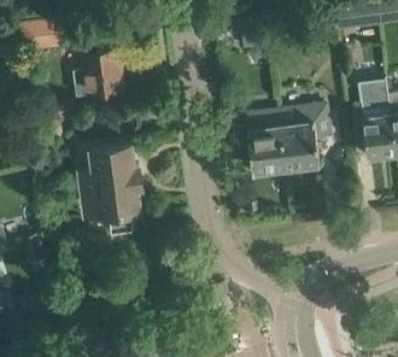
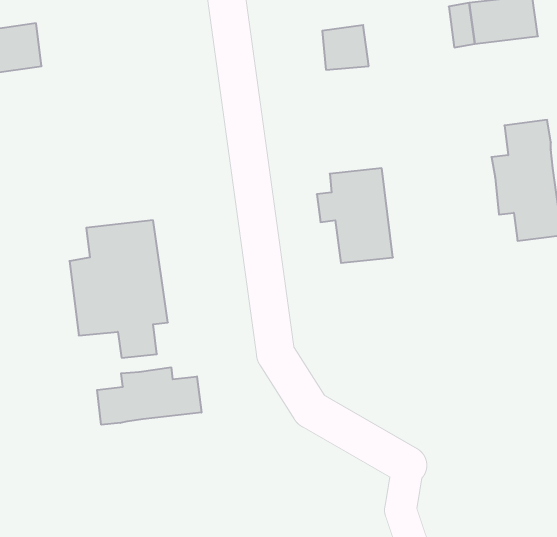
building: [71,48,124,98] -> none
building: [277,103,332,169] -> none
building: none -> [97,367,201,425]

